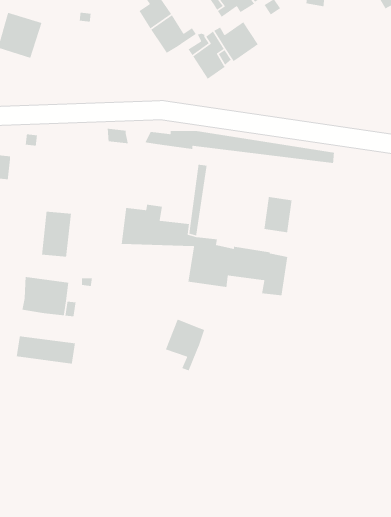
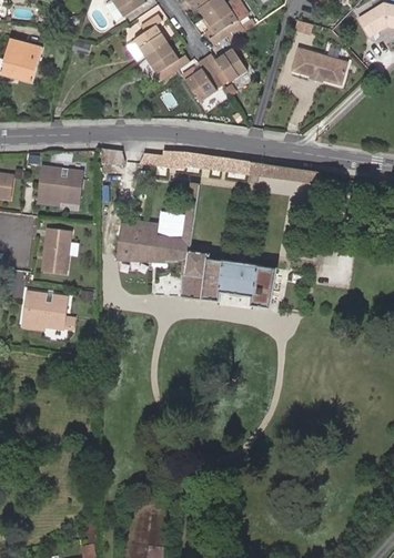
building: none -> [291,50,347,87]
building: none -> [38,168,81,202]
building: [264,196,292,233] -> none
building: [165,319,205,372] -> none
building: [16,335,76,364] -> none

